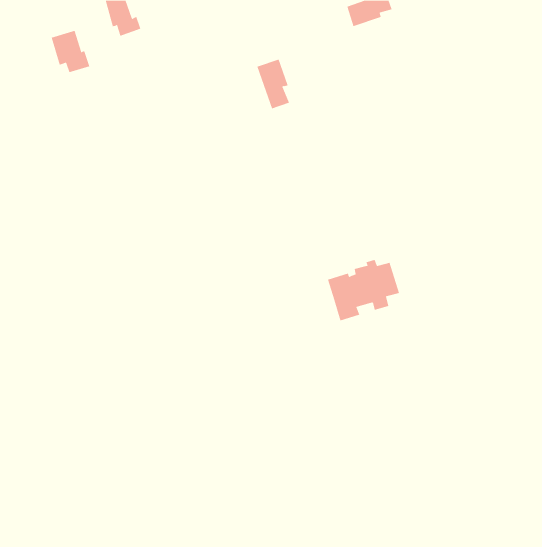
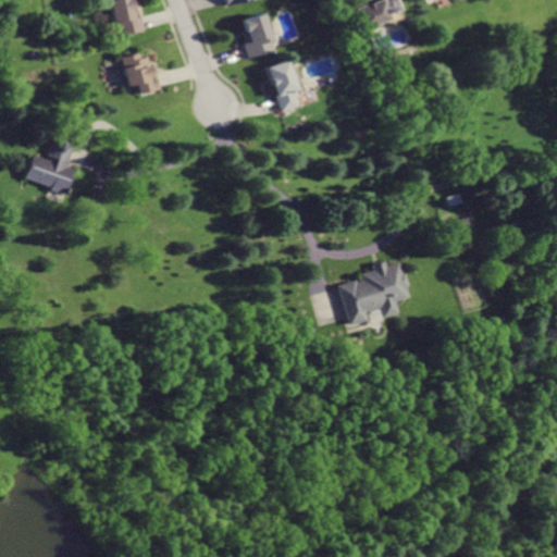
building: none -> [244,12,278,59]
building: [51,30,90,73] -> [122,51,162,95]
building: none -> [26,138,75,193]

